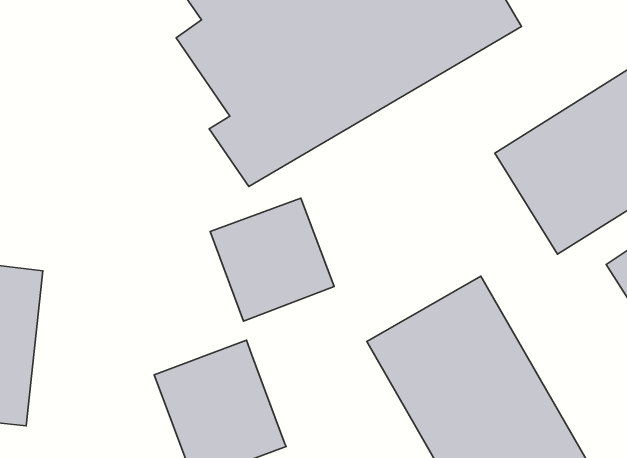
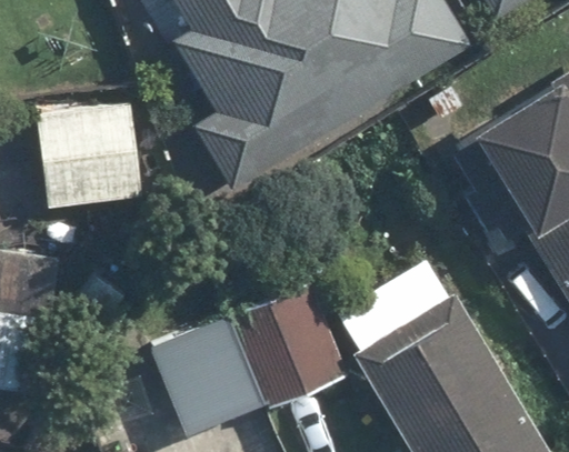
building: none -> [37,103,139,207]
building: [210,198,334,321] -> [237,299,345,405]

